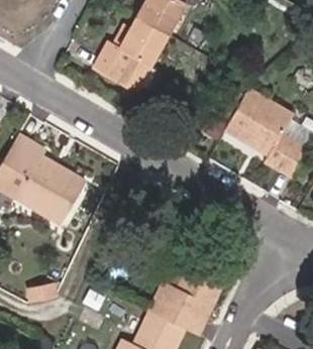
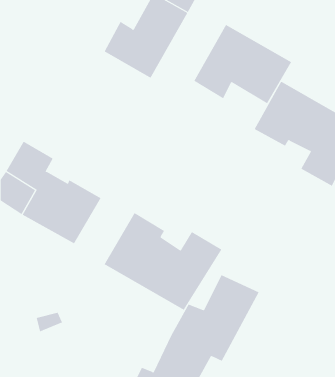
building: none -> [193,24,292,104]
building: none -> [104,212,222,311]

